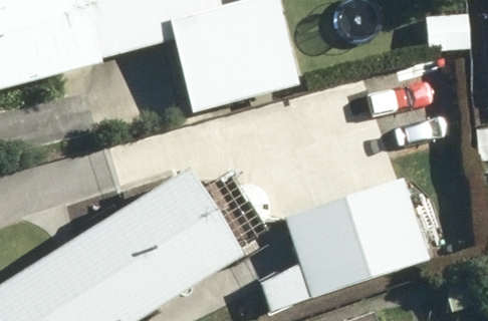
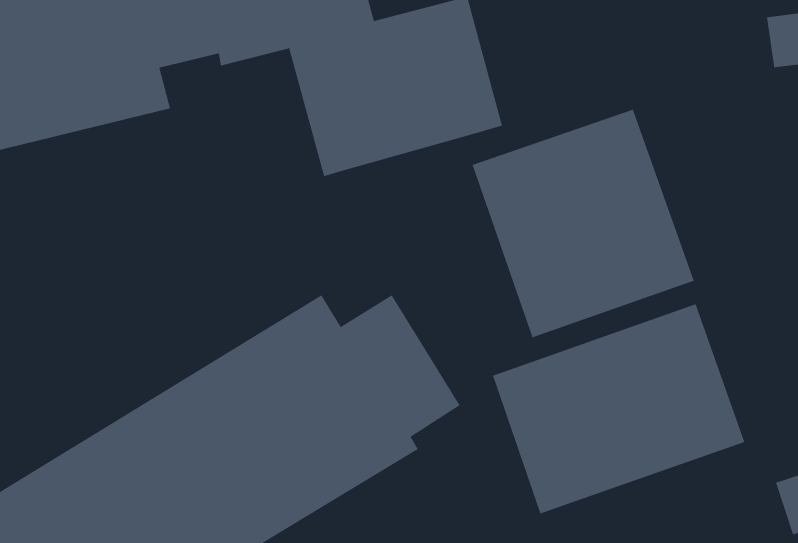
building: none -> [472,109,695,338]

